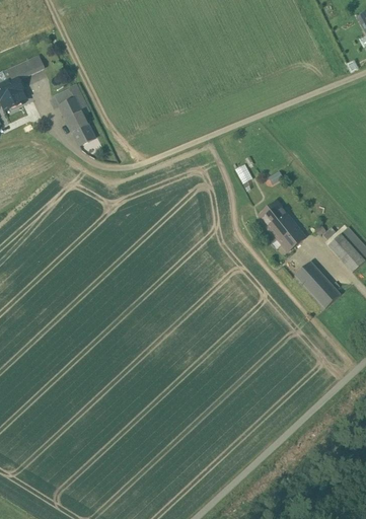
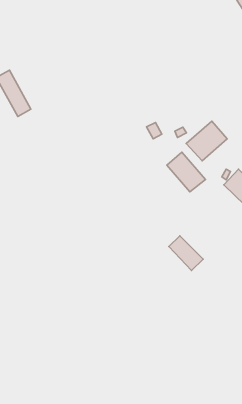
building: none -> [186,121,227,161]
building: [297,264,339,307] -> [169,236,203,271]

